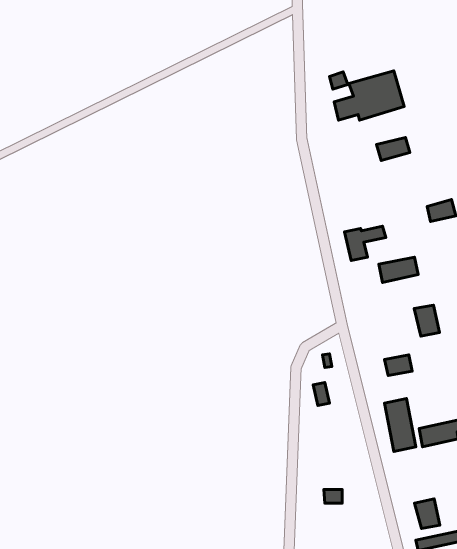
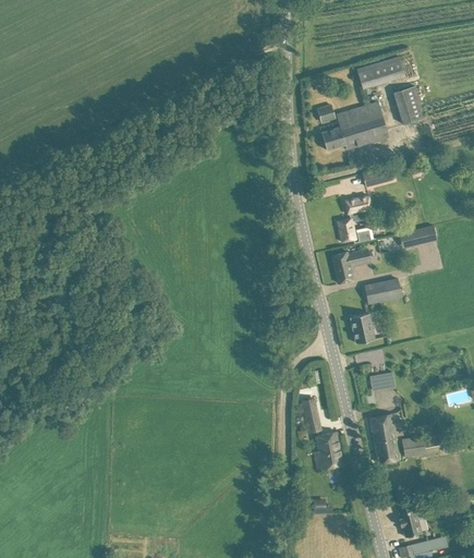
building: none -> [353,56,403,88]
building: none -> [392,85,424,124]
building: none -> [337,194,372,242]
building: [414,305,439,336] -> [350,313,374,342]
building: none -> [315,432,343,470]

